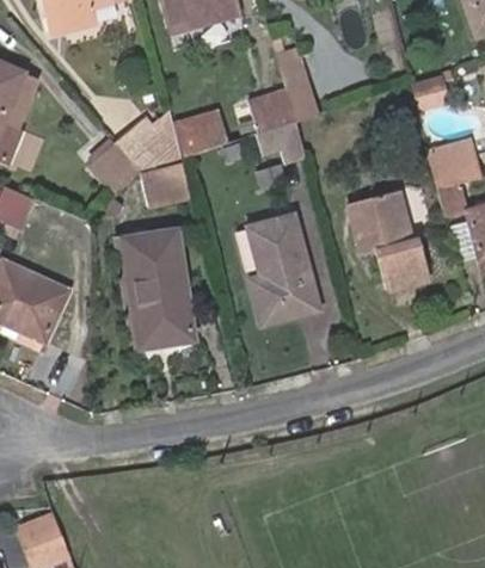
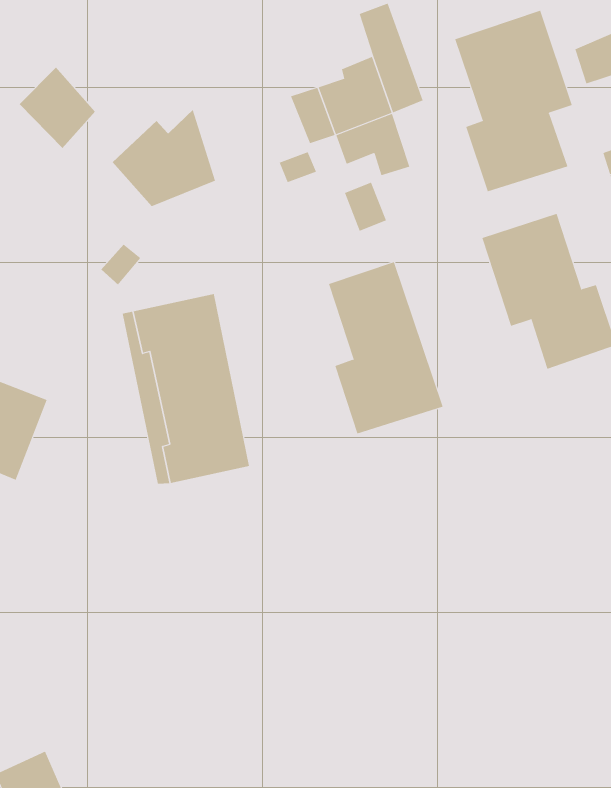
building: none -> [455,10,573,192]
building: [171,105,228,155] -> none
building: [91,141,140,193] -> [19,67,96,149]
building: [143,165,192,204] -> none

